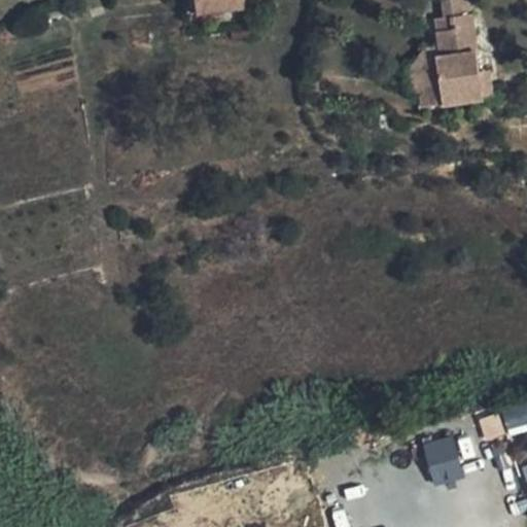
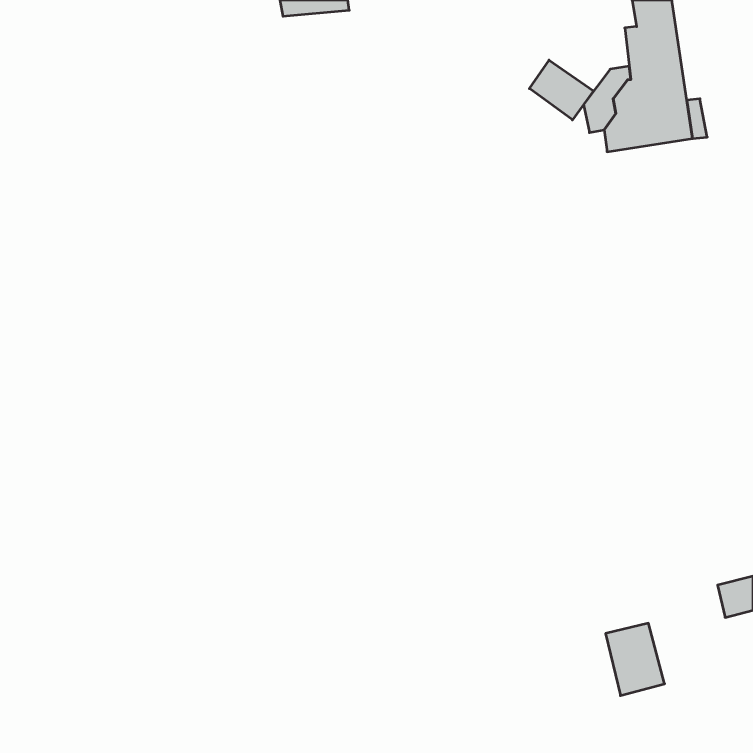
building: none -> [529,60,594,120]

